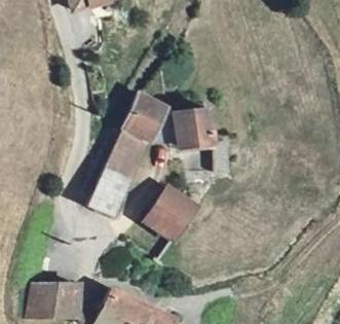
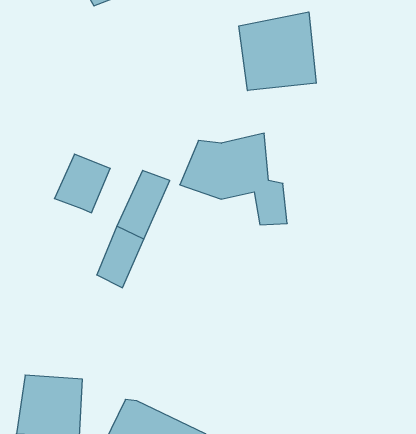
building: none -> [239,12,316,91]
building: [126,98,166,140] -> [54,154,110,213]
building: [142,185,194,238] -> none

